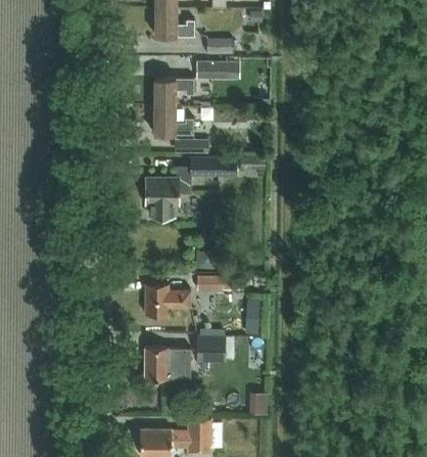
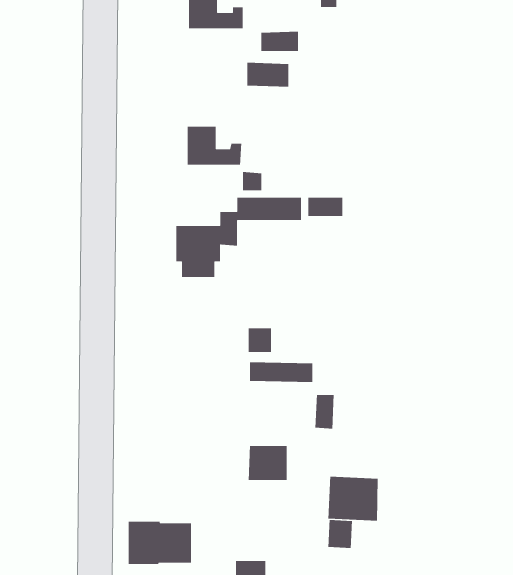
building: [153,78,193,106] -> none
building: [145,284,190,315] -> none
building: [144,348,190,379] -> [128,521,192,565]
building: none -> [327,476,378,522]

